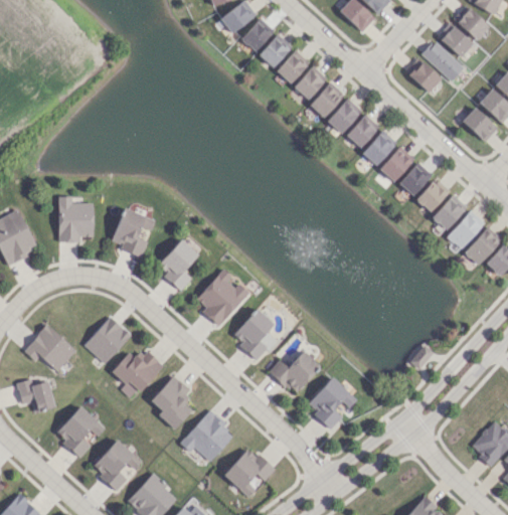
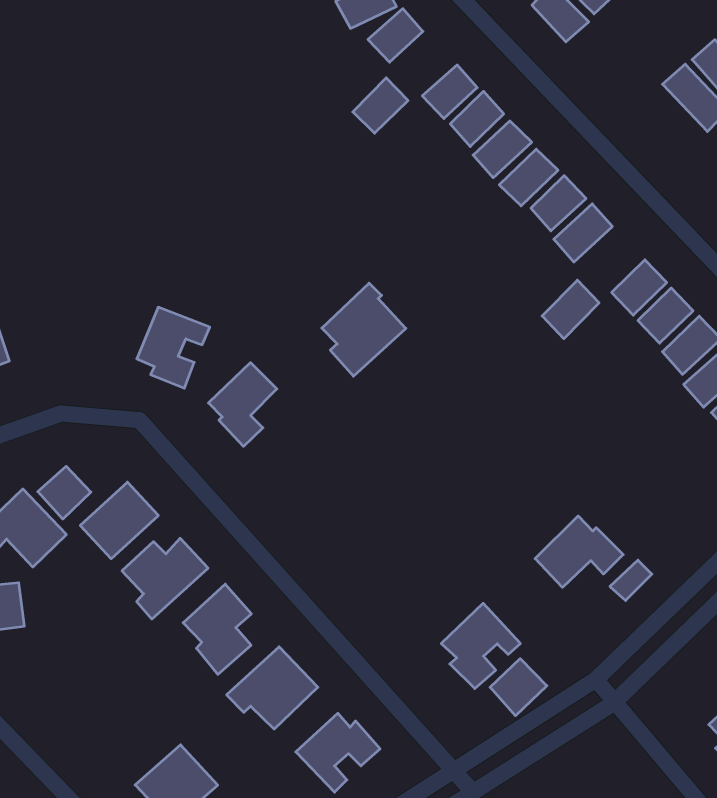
building: [259,33,292,67] -> [353,78,408,133]
building: [405,58,441,93] -> none
building: [379,146,413,182] -> [542,280,599,339]
building: [58,197,94,243] -> none
building: [196,270,247,327] -> [322,283,406,376]
building: [233,309,274,361] -> none
building: none -> [38,466,91,519]
building: none -> [535,516,623,587]
building: [269,351,320,395] -> none
building: [54,406,105,458] -> none
building: none -> [490,659,547,716]
building: [92,440,141,491] -> none

